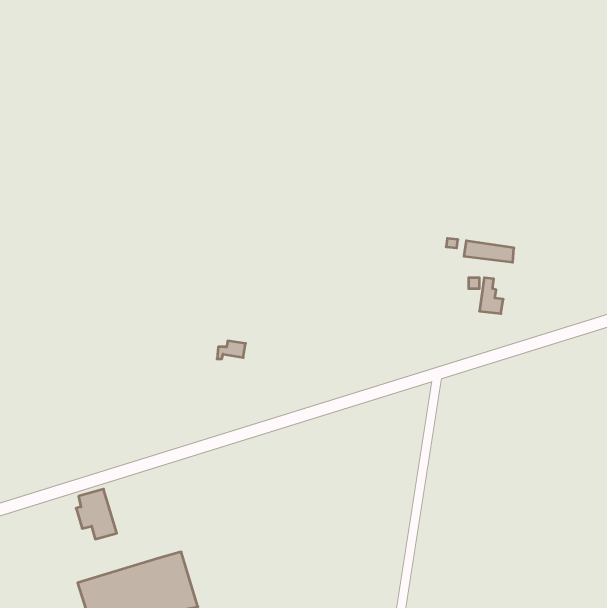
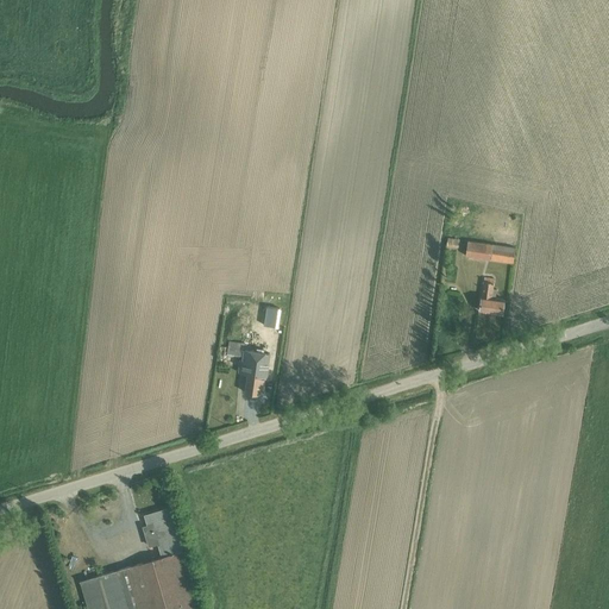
building: none -> [244,359,265,395]
building: [76,489,117,539] -> [140,508,181,558]

